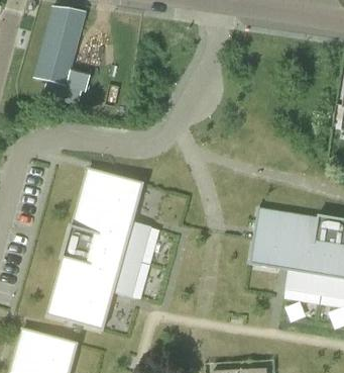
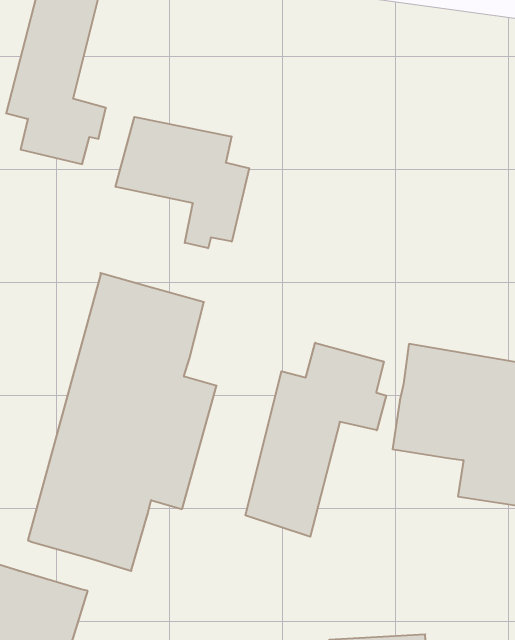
building: none -> [116,117,249,248]
building: none -> [245,343,386,537]

